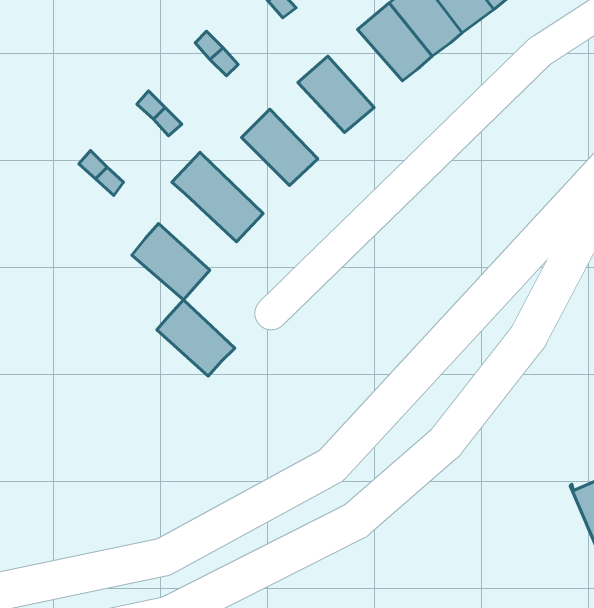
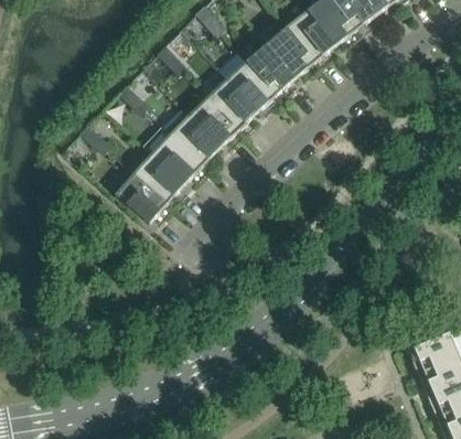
building: none -> [246,43,296,95]
building: none -> [207,78,257,129]
building: none -> [162,107,221,165]
building: [157,300,235,376] -> [133,152,185,203]

